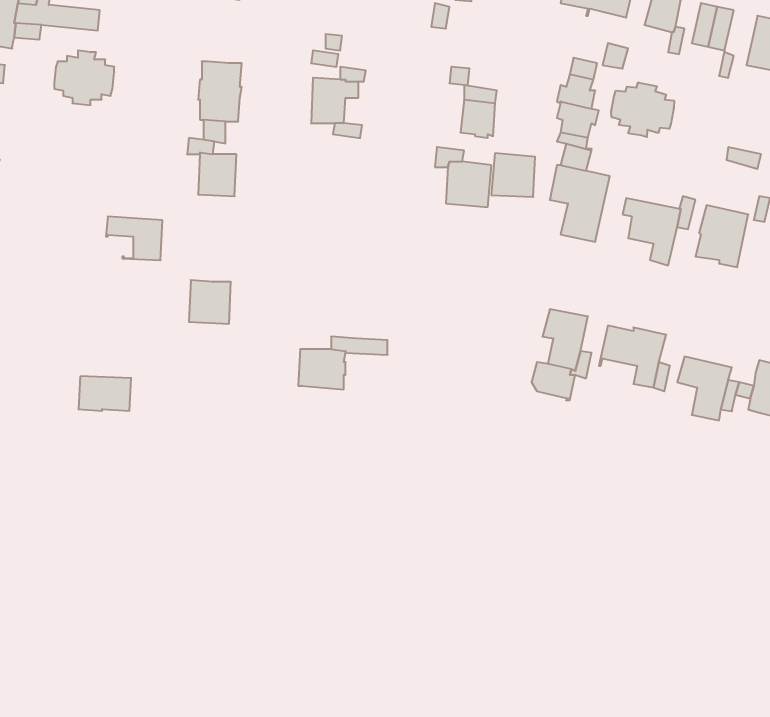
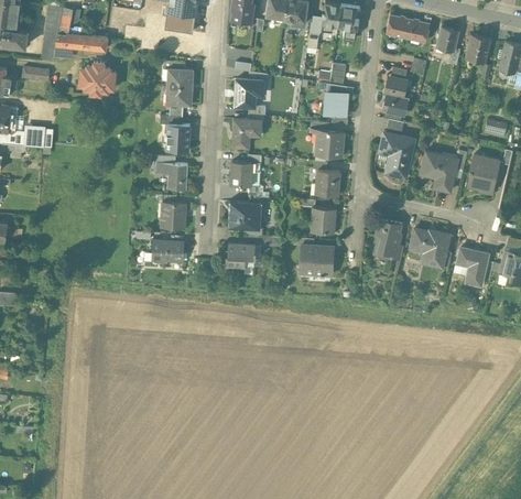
building: [611,82,674,137] -> none
building: none -> [232,119,261,148]
building: [491,153,535,197] -> [317,166,344,193]
building: none -> [231,162,261,187]
building: [106,217,162,260] -> [153,163,187,189]
building: none -> [229,202,261,229]
building: none -> [311,207,336,234]
building: none -> [302,246,334,278]
building: [78,376,131,411] -> [152,240,184,261]

